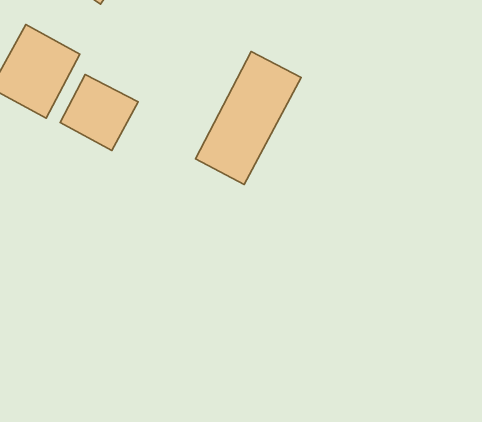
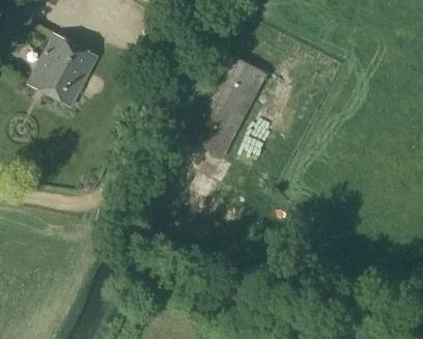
building: [60,75,138,151] -> none

